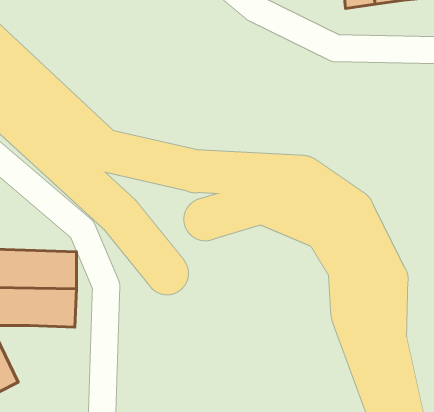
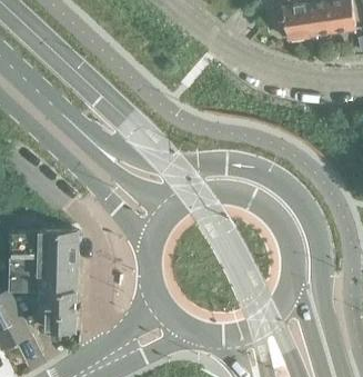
building: none -> [40,287,77,329]

